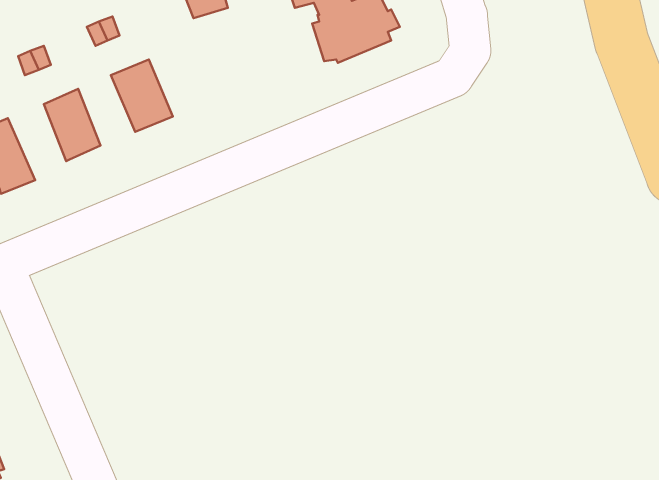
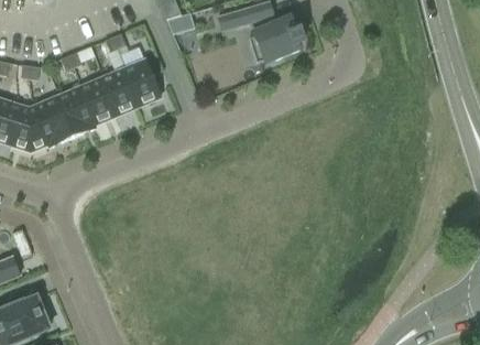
building: none -> [98,69,134,115]
building: none -> [53,88,94,137]

